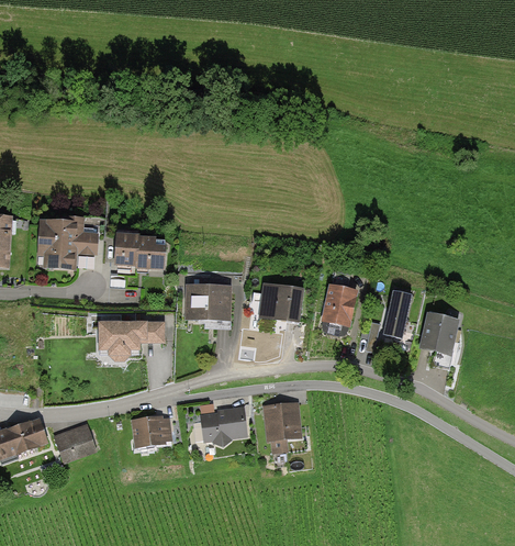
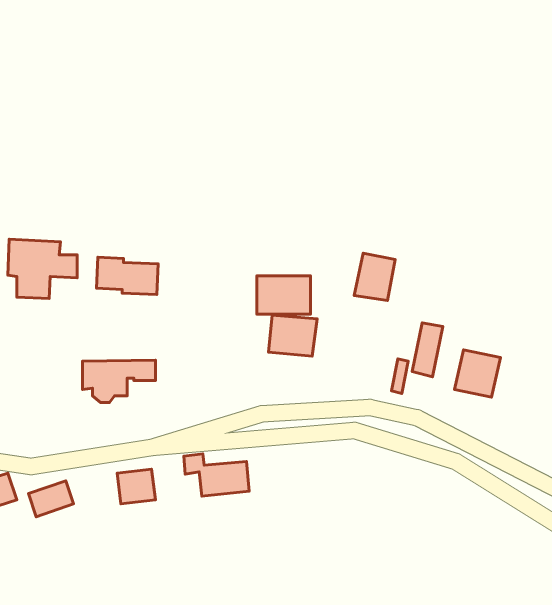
building: [322,283,357,324] -> [354,253,395,301]
building: [184,285,231,317] -> [257,276,311,314]
building: [267,403,299,448] -> none

